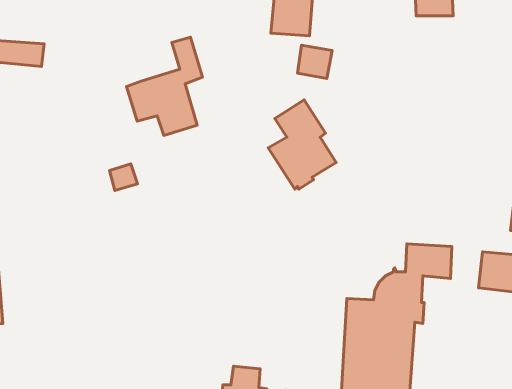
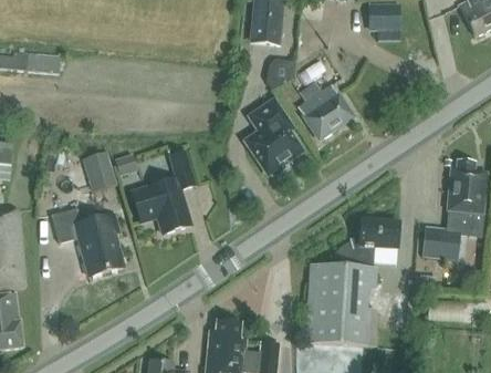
building: [126,37,202,136] -> [132,151,195,232]
building: none -> [297,81,352,137]
building: none -> [82,151,116,190]
building: none -> [52,208,124,276]

